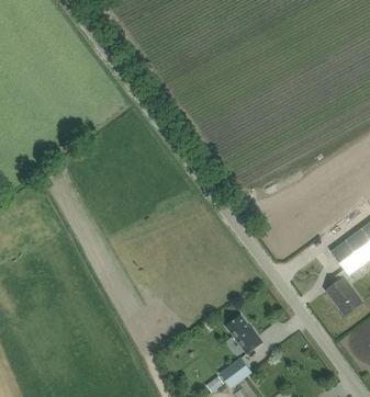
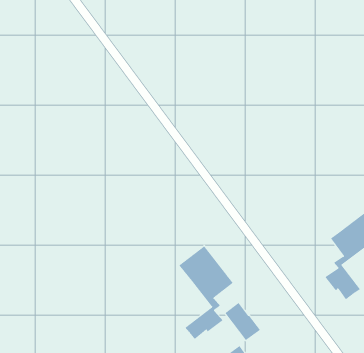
building: none -> [178,245,233,340]

